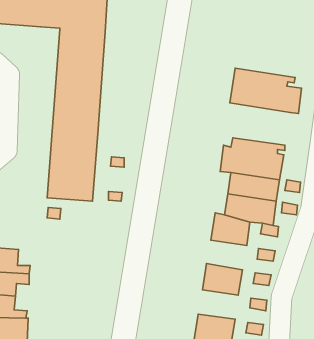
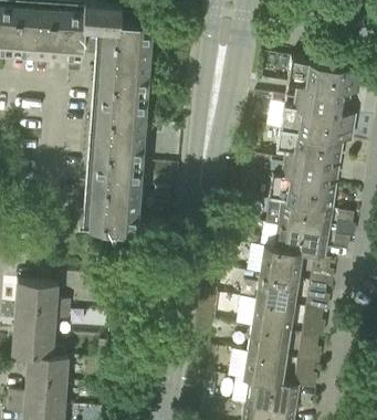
building: none -> [285,61,363,107]
building: none -> [276,134,343,178]
building: none -> [255,277,297,308]
building: none -> [247,329,289,360]

